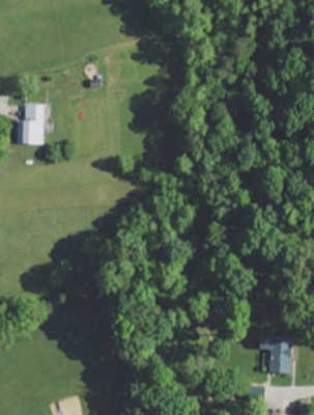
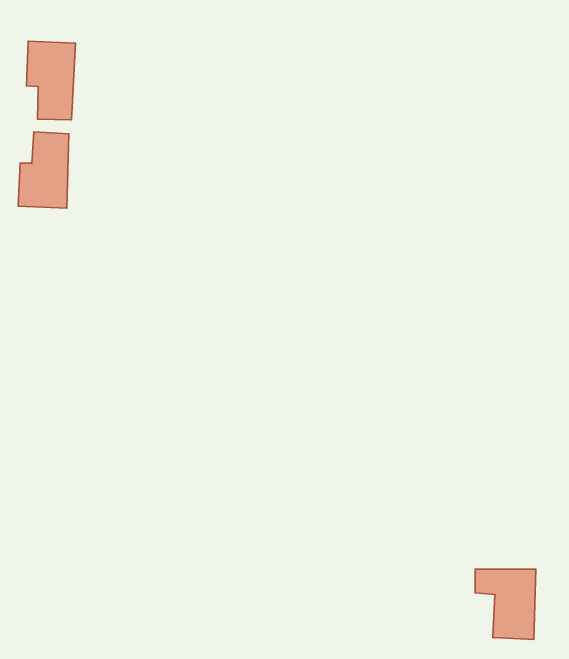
building: none -> [27,41,76,120]

